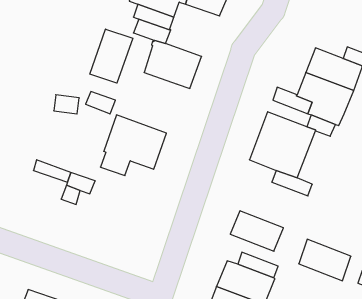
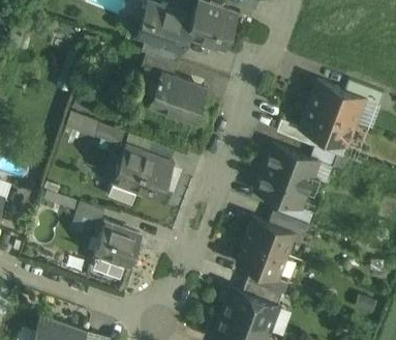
building: [90,29,133,83] -> none
building: none -> [93,223,140,278]
building: [299,239,351,281] -> [245,216,296,256]

